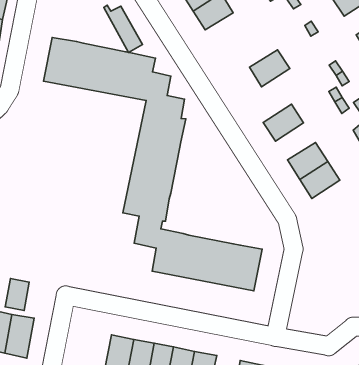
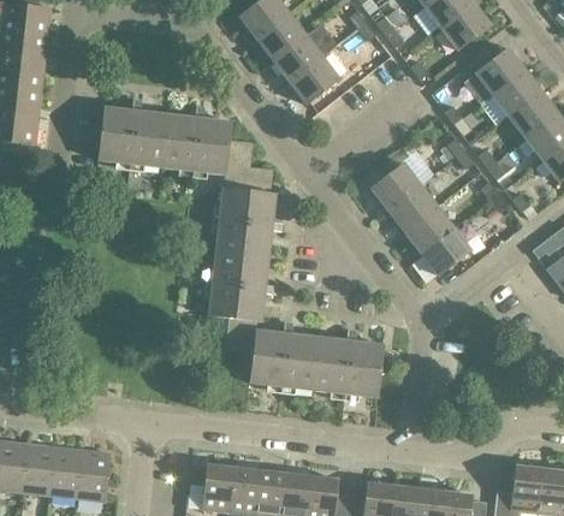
building: [104,5,142,52] -> none
building: [250,50,290,87] -> [289,57,338,103]
building: none -> [386,184,435,231]
building: [5,279,29,310] -> none

